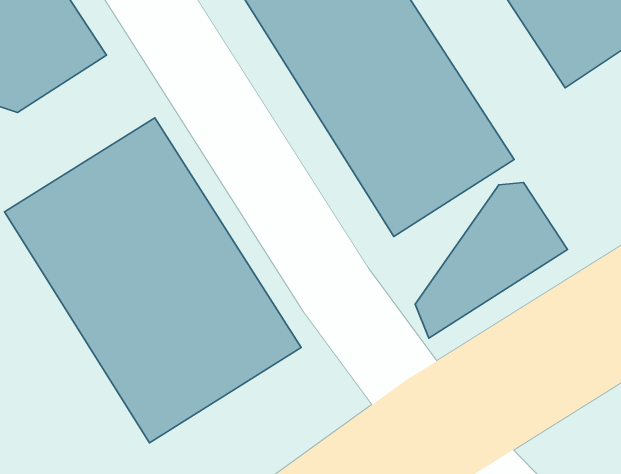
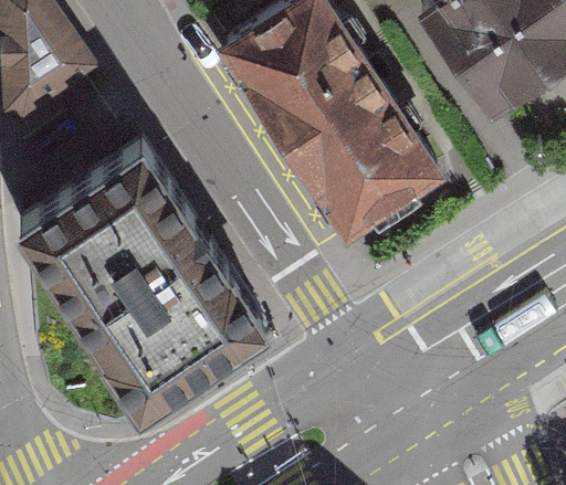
building: [415,183,567,338] -> none

